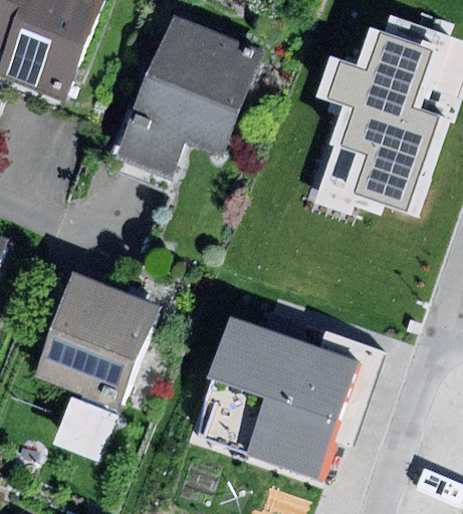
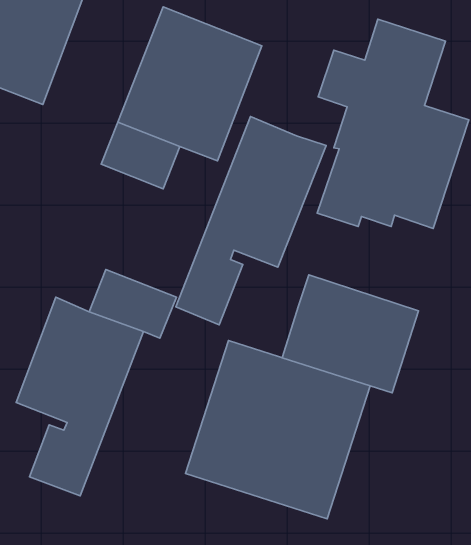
building: none -> [176,117,326,325]
building: none -> [282,275,418,393]

